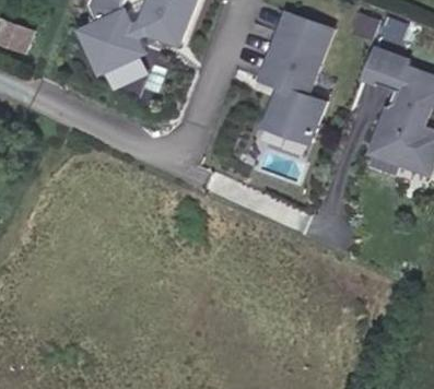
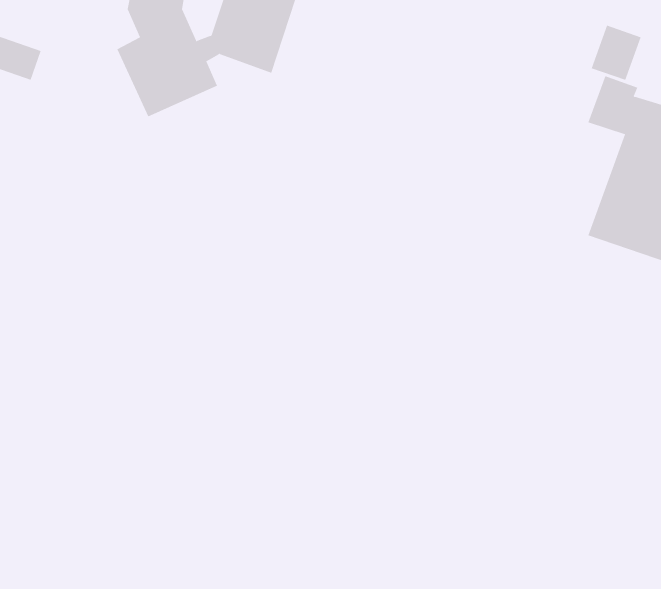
building: [258,11,329,142] -> none

